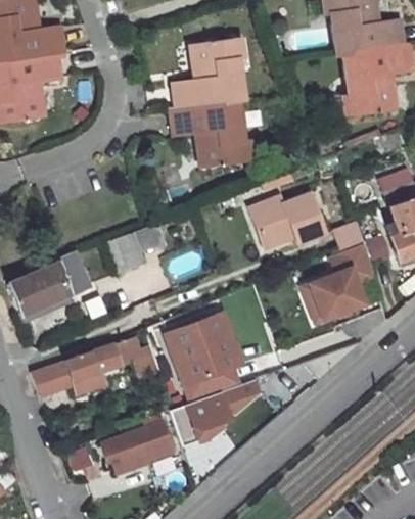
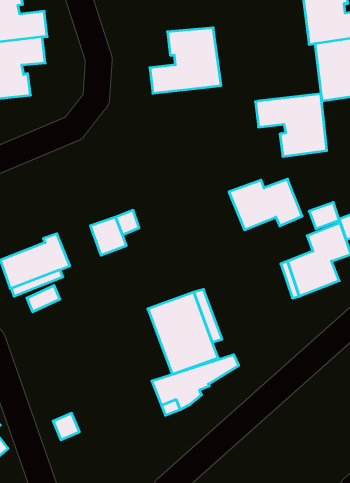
building: [167,100,241,166] -> [255,94,327,156]
building: [33,338,144,393] -> none
building: [103,419,176,473] -> none

